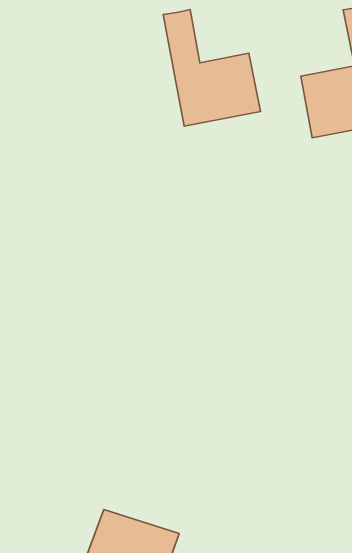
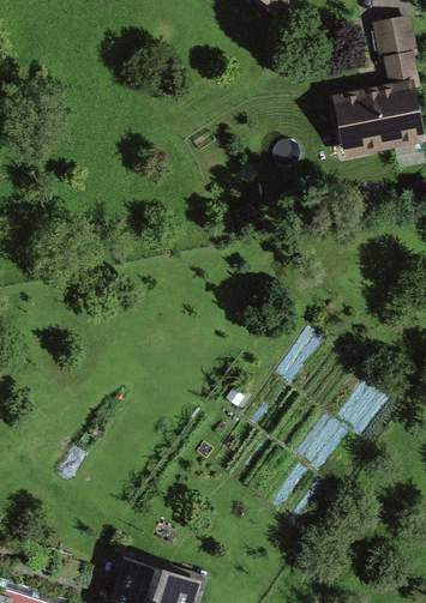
building: [163,9,261,126] -> none

